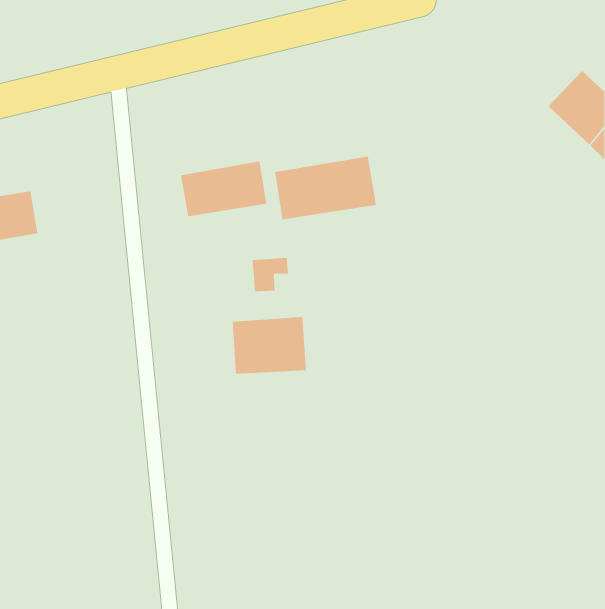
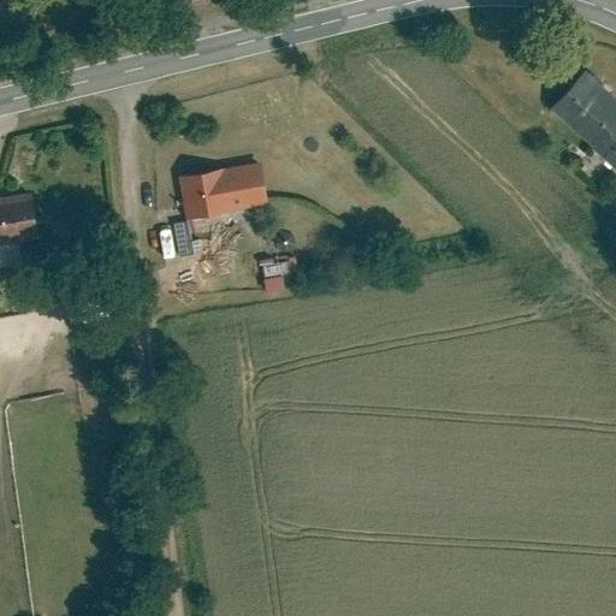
building: [274,156,376,220] -> none
building: [232,316,307,374] -> none

